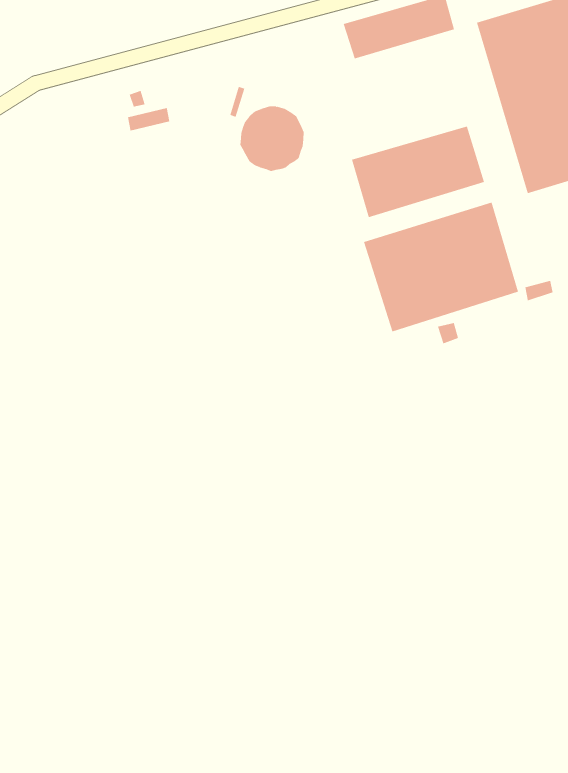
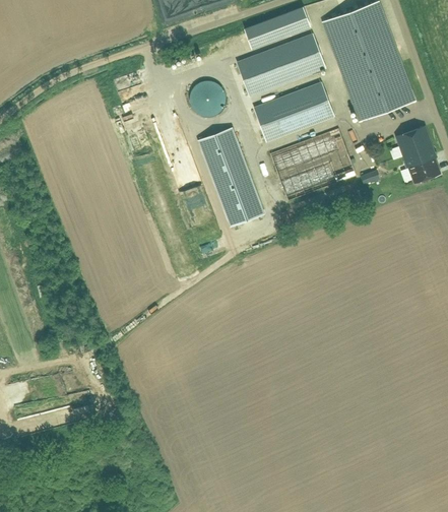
building: none -> [237,35,325,95]
building: none -> [198,127,263,226]

